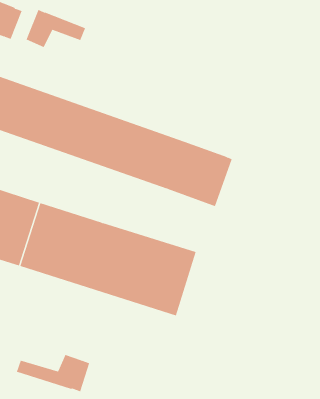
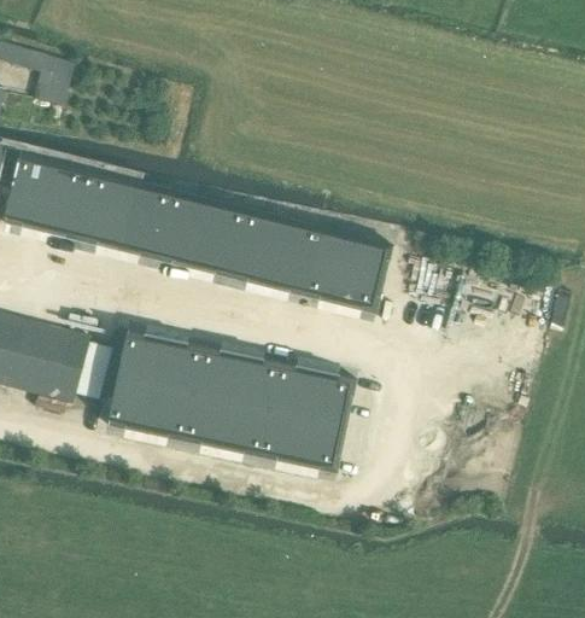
building: [26,9,86,48] -> none
building: [16,354,90,392] -> none

